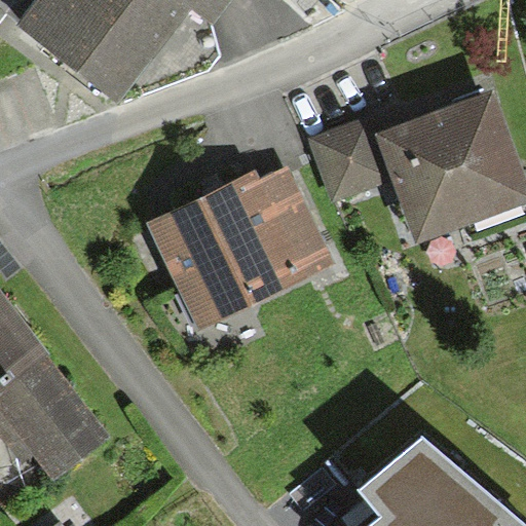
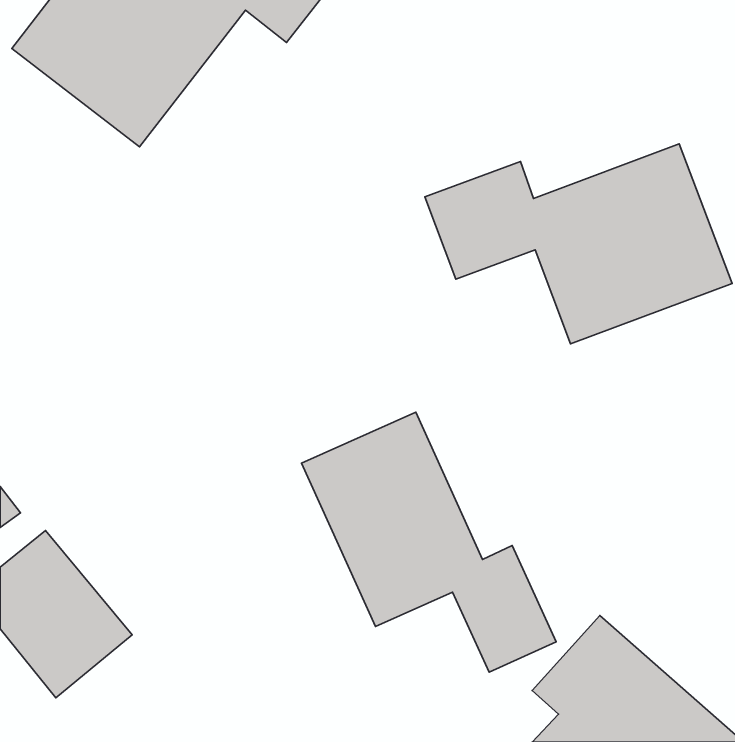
building: [150,164,330,325] -> none
building: none -> [302,412,556,672]

